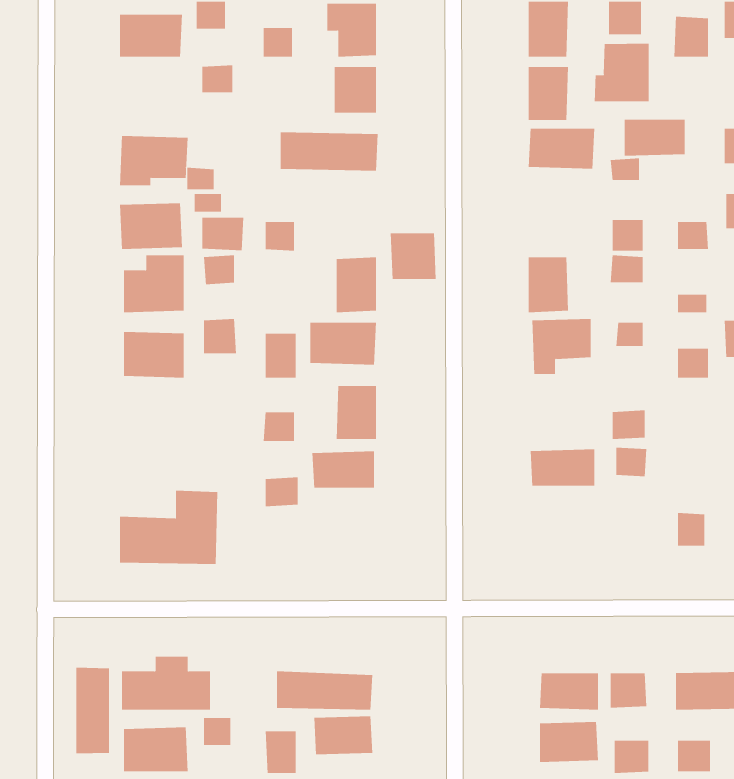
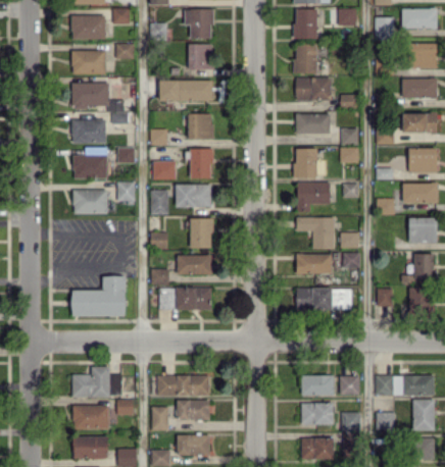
building: [594,43,649,102] -> none
building: none -> [72,50,106,73]
building: [624,119,686,156] -> [296,113,330,134]
building: [201,217,244,251] -> [153,161,177,179]
building: [390,233,437,279] -> [188,113,213,139]
building: none -> [296,217,335,249]
building: none -> [159,287,211,310]
building: none -> [296,288,351,311]
building: [76,667,110,754] -> none

